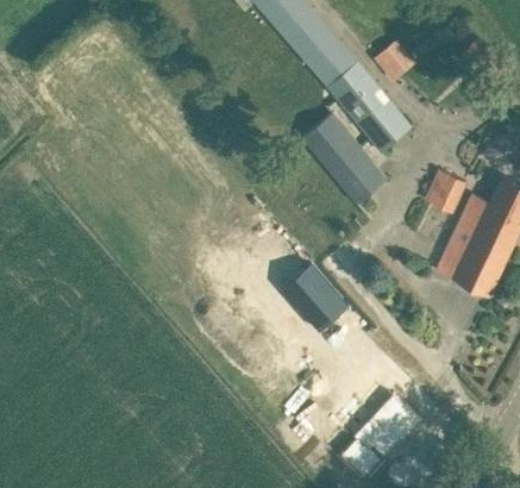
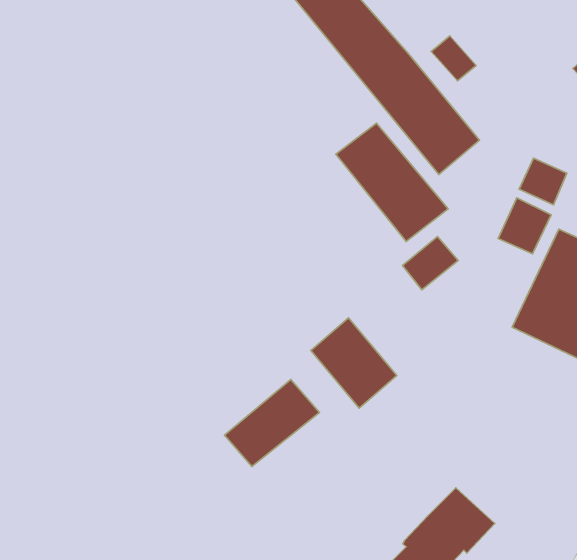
building: none -> [519,158,567,205]
building: none -> [403,237,458,290]
building: none -> [224,379,319,467]

